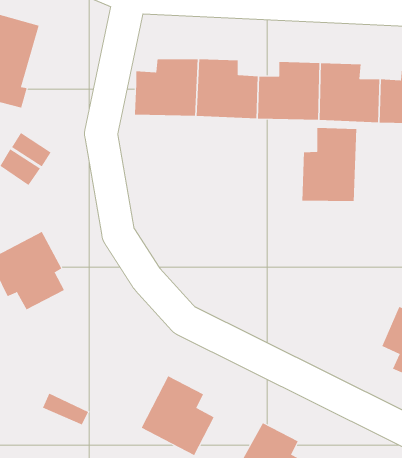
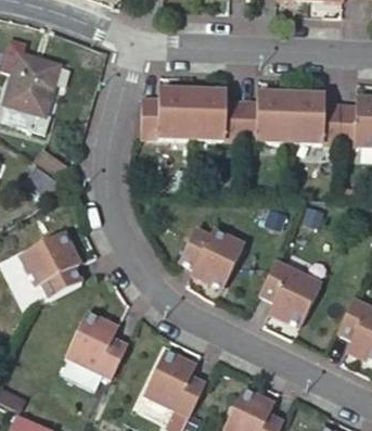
building: [302,127,357,202] -> none
building: none -> [182,225,246,286]
building: none -> [262,254,322,318]
building: none -> [67,309,127,375]

